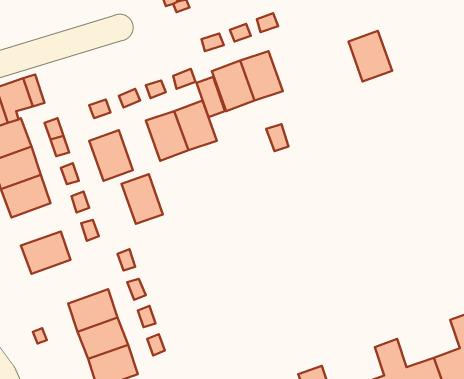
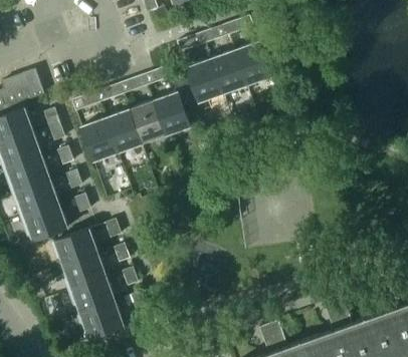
building: [348,31,392,82] -> [234,42,271,85]
building: [122,174,163,224] -> [107,110,142,152]
building: none -> [15,181,57,217]
building: none -> [54,230,97,266]

